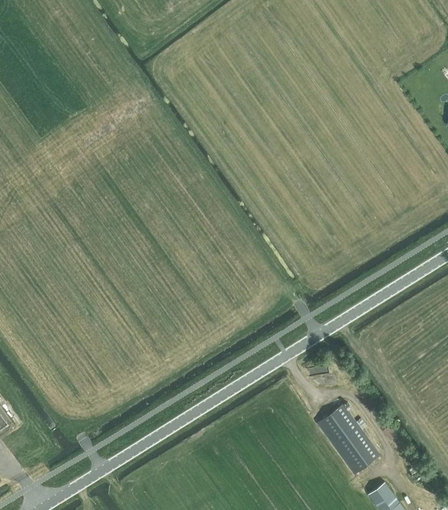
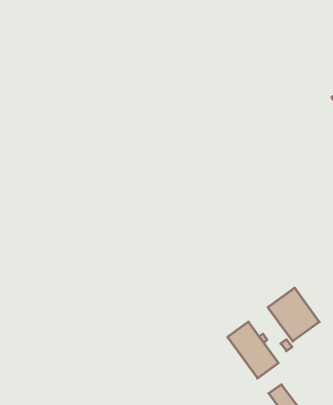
building: none -> [268,288,319,341]

